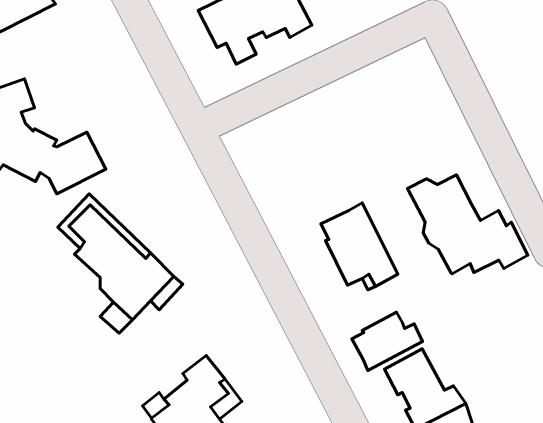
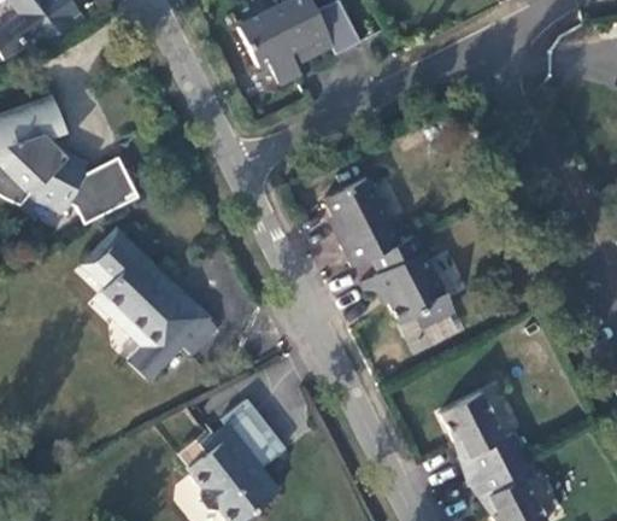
building: none -> [323,177,399,267]
building: [408,175,528,274] -> none
building: [352,312,423,370] -> none

